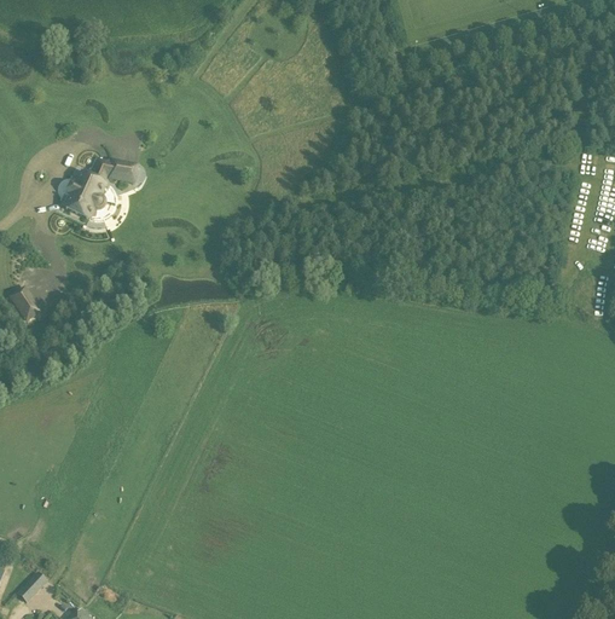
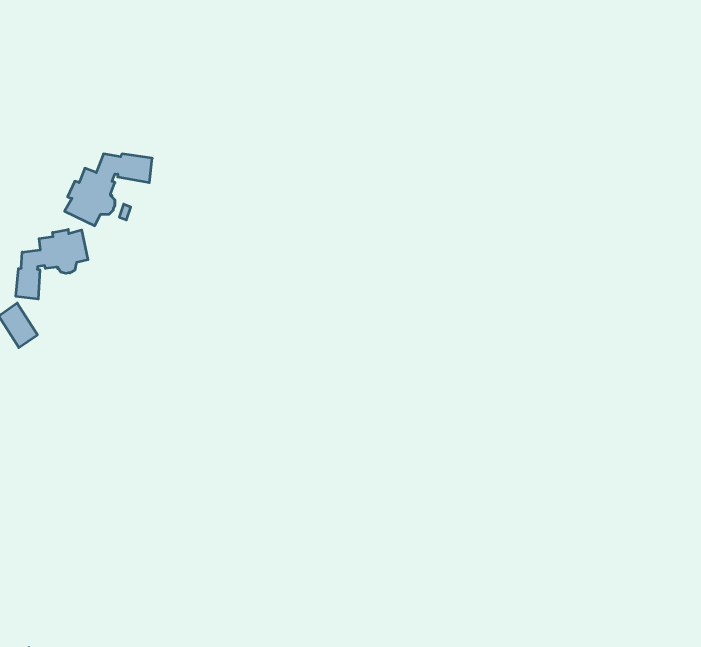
building: none -> [16,229,88,299]

